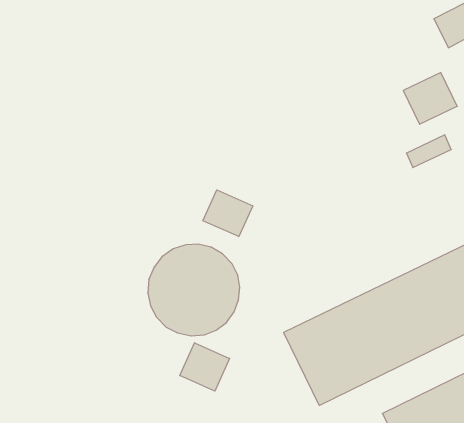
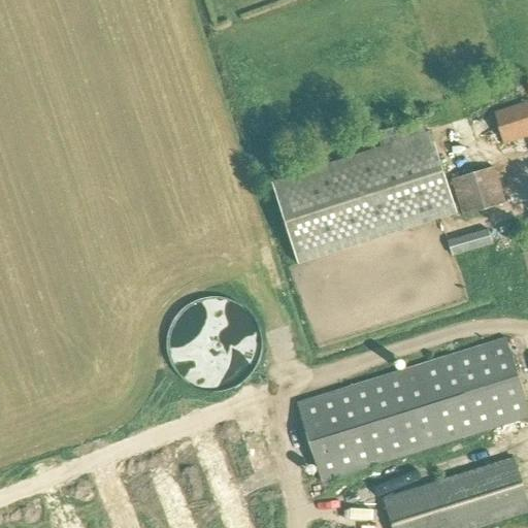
building: none -> [270,119,457,264]
building: [203,190,253,237] -> none
building: [180,343,230,391] -> none

